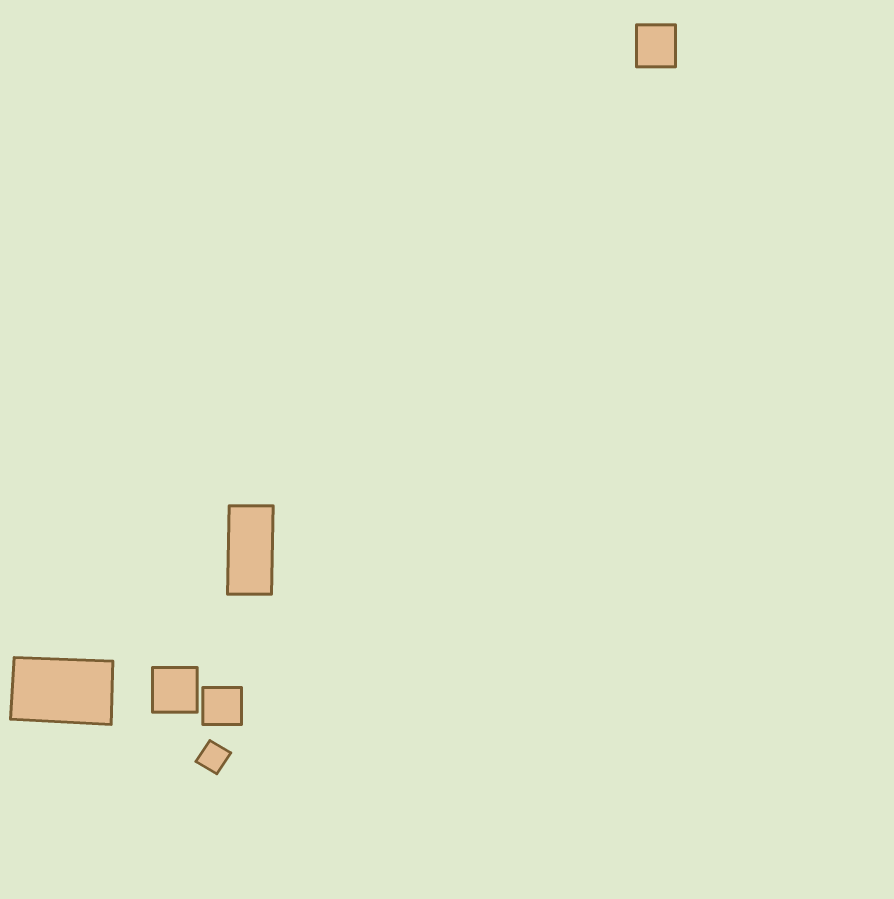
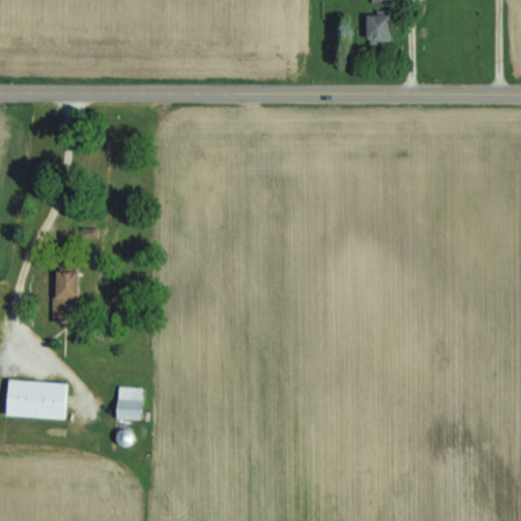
building: [227,506,273,594] -> [52,271,78,322]
building: [152,668,197,712] -> none

